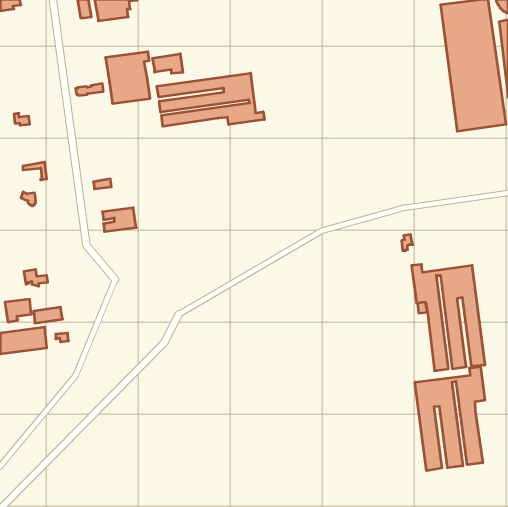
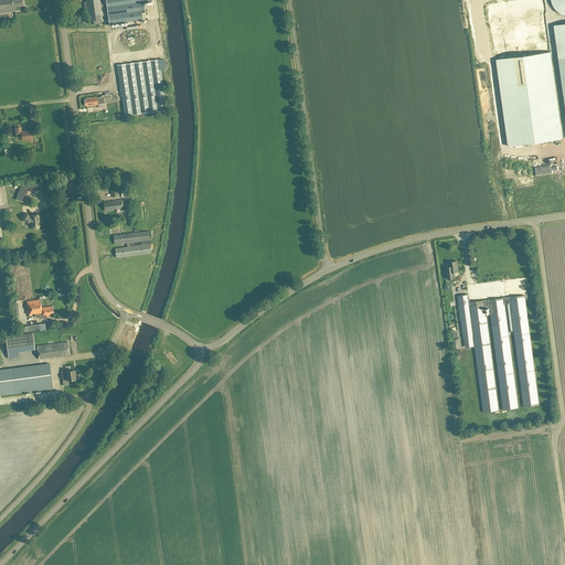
building: [152,54,183,73] -> none
building: [157,73,264,126] -> none
building: [415,366,485,471] -> none

